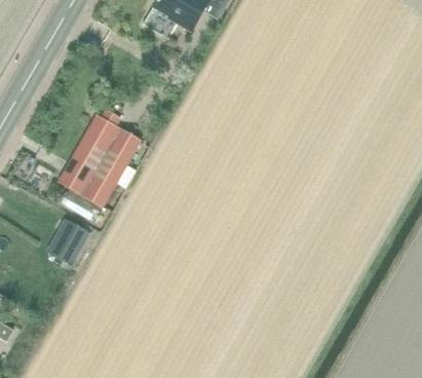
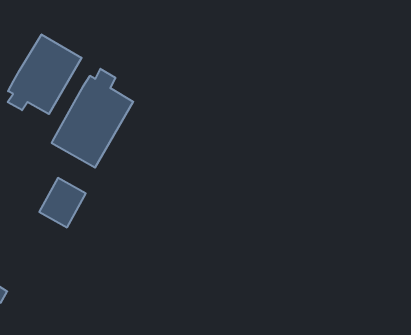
building: none -> [8,34,82,114]

